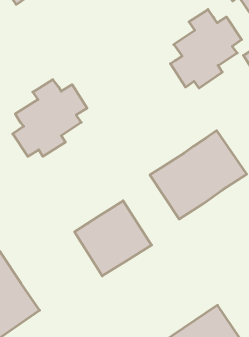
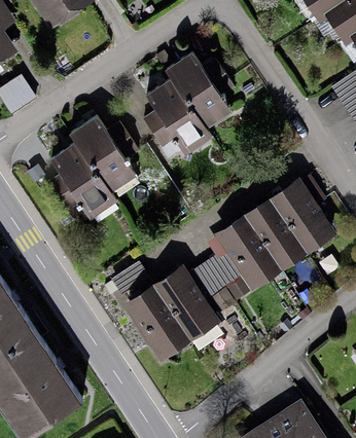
building: [170,9,242,88] -> [145,51,233,148]
building: none -> [188,250,251,315]

